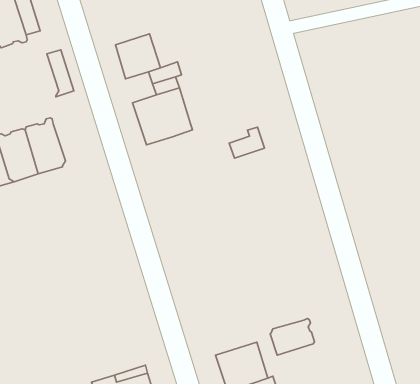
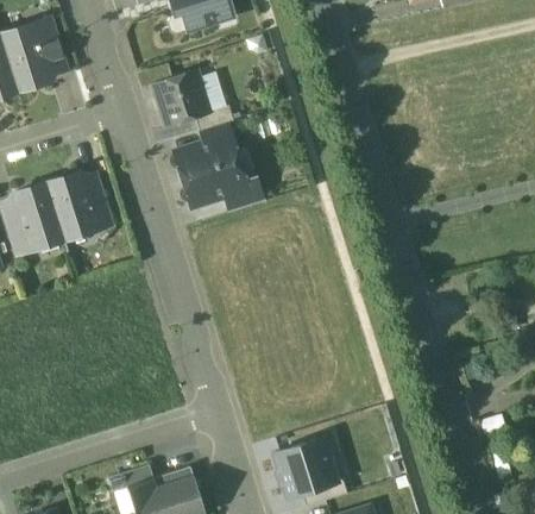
building: [47,50,74,97] -> [82,174,114,230]
building: [229,127,264,158] -> [224,175,265,212]
building: [270,318,315,355] -> none

